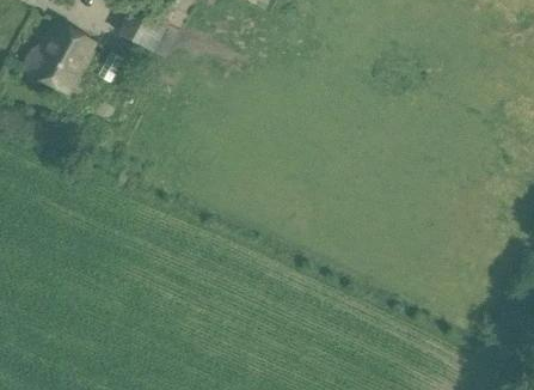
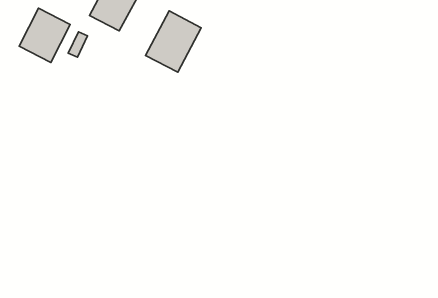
building: none -> [146,11,201,72]

